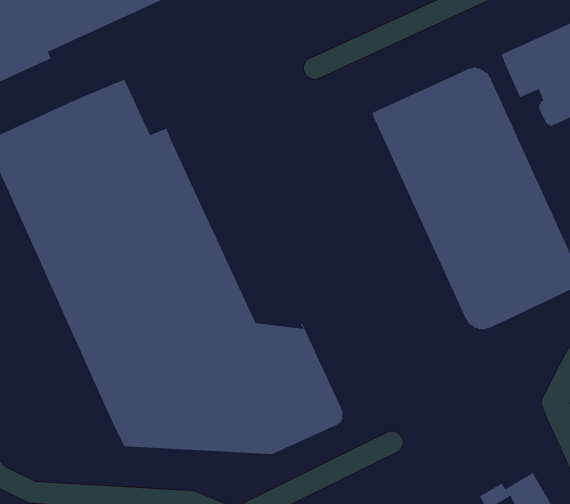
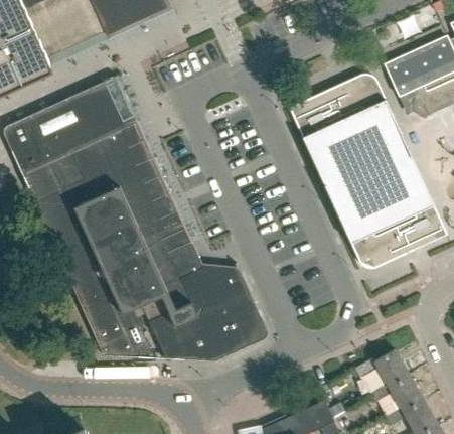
building: none -> [354,349,409,387]

